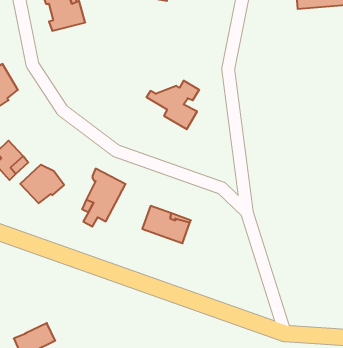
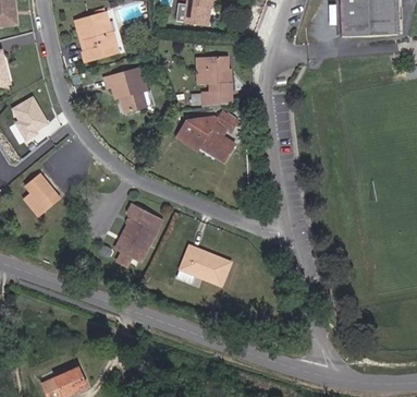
building: none -> [199,53,231,107]
building: none -> [102,63,150,107]
building: [20,165,64,203] -> none

